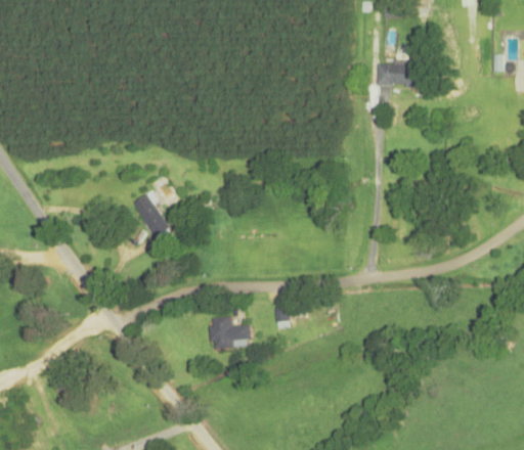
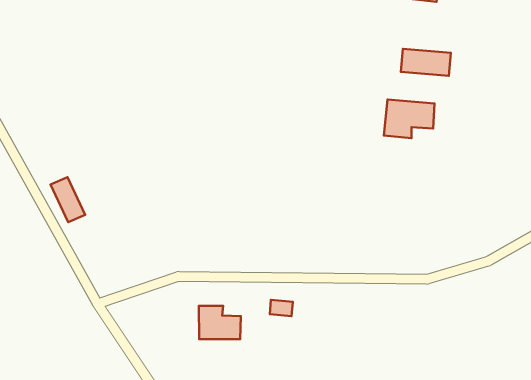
building: none -> [384,99,434,138]
building: [133,193,168,235] -> [50,177,85,222]

